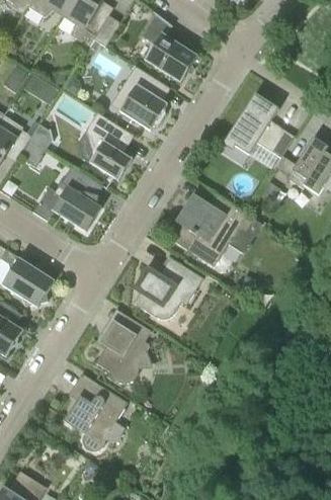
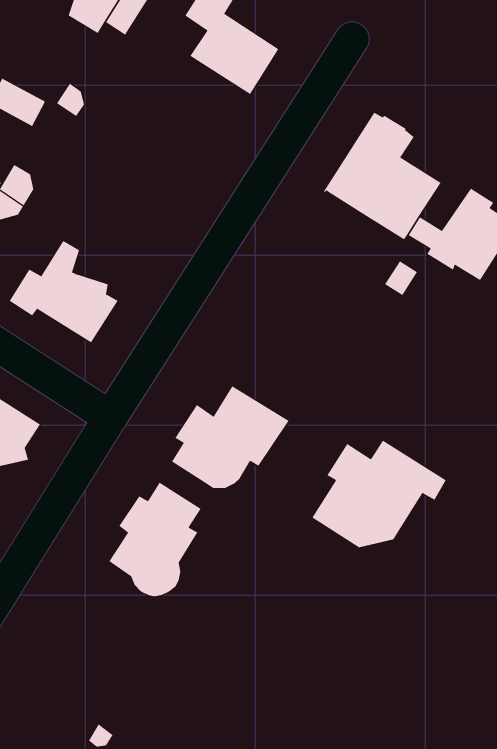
building: [118,66,167,131] -> none
building: [86,113,133,181] -> none
building: [172,194,253,259] -> [311,440,447,548]
building: [63,373,128,451] -> none

